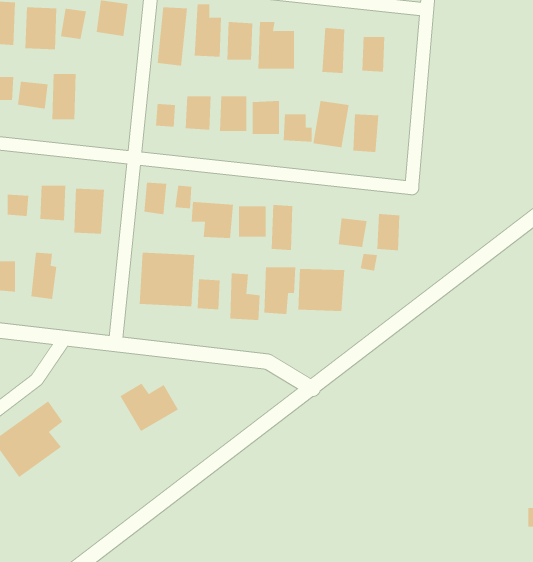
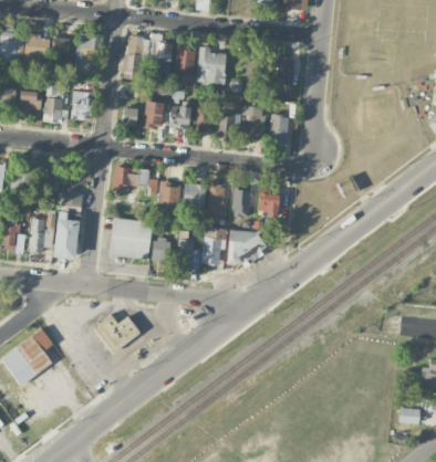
building: none -> [72,86,92,119]
building: [377,214,400,251] -> [232,189,250,217]
building: none -> [55,212,79,258]

